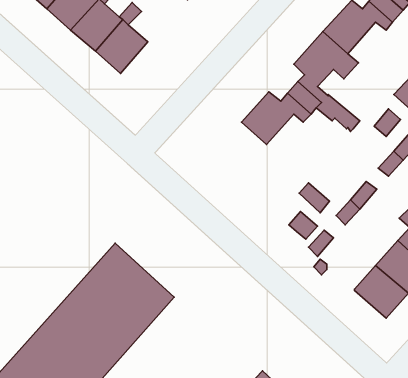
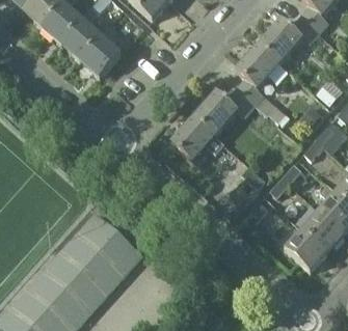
building: none -> [172,116,224,165]

